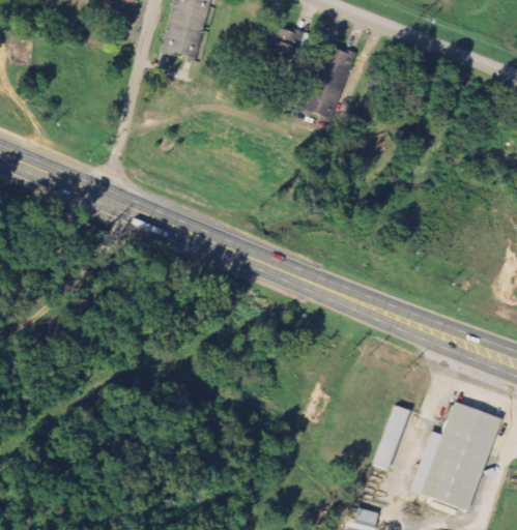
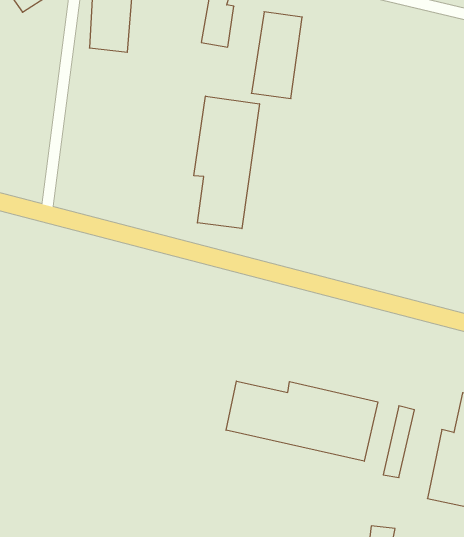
building: none -> [194,96,259,229]
building: none -> [226,381,378,461]

